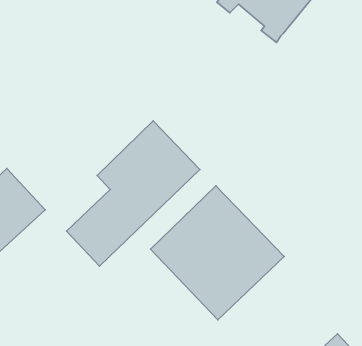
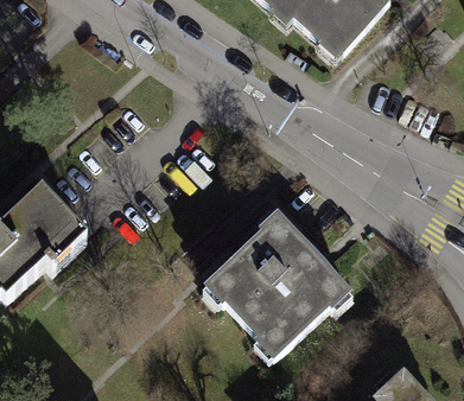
building: [67,121,200,266] -> none

